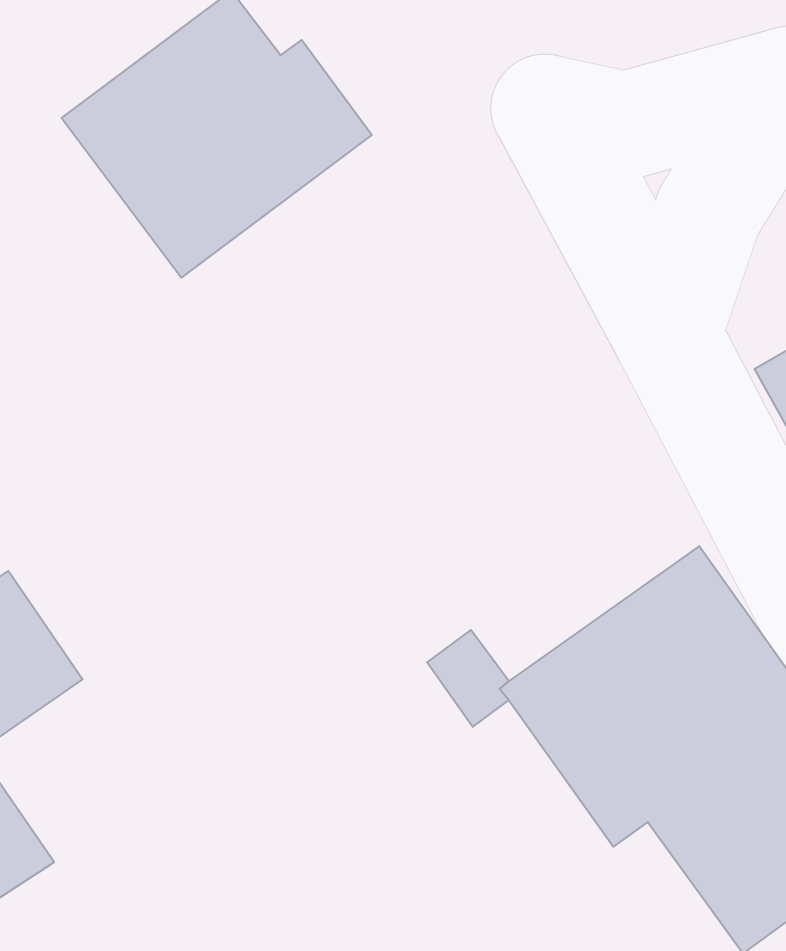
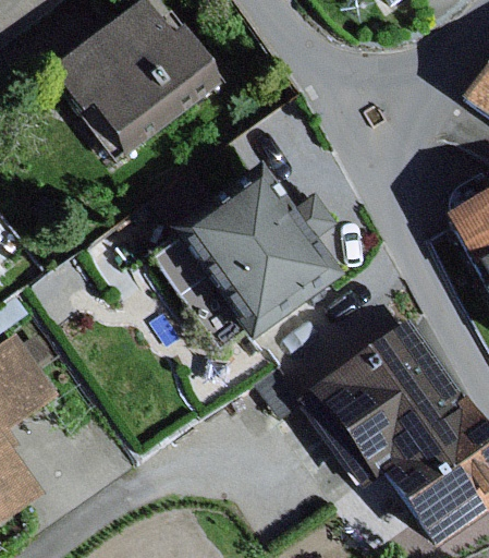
building: none -> [168,159,346,340]

